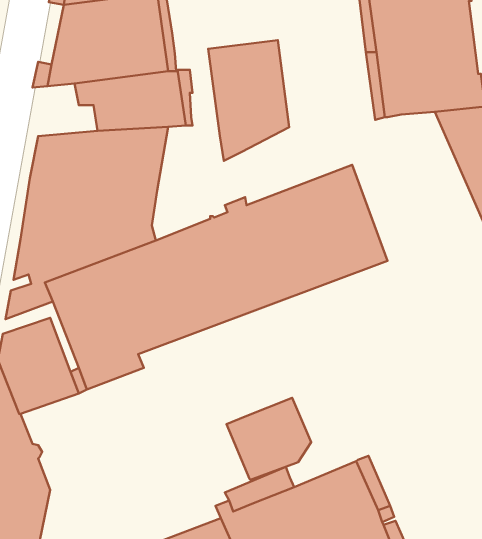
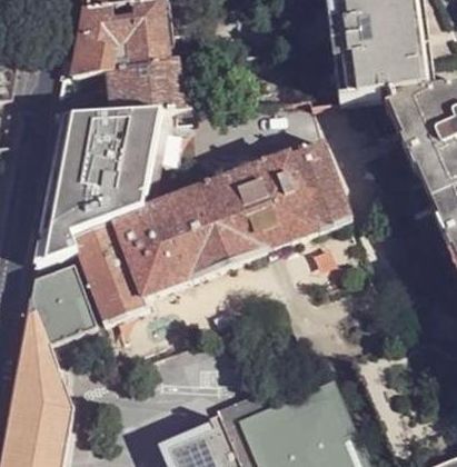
building: [208,40,289,161] -> none
building: [226,398,311,480] -> none

